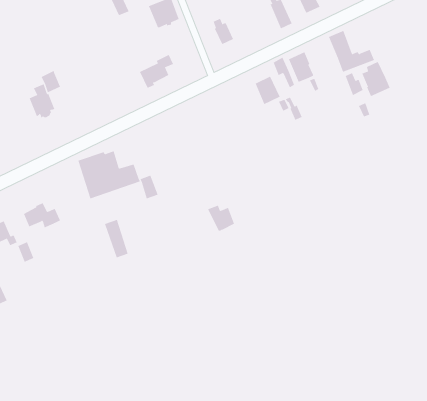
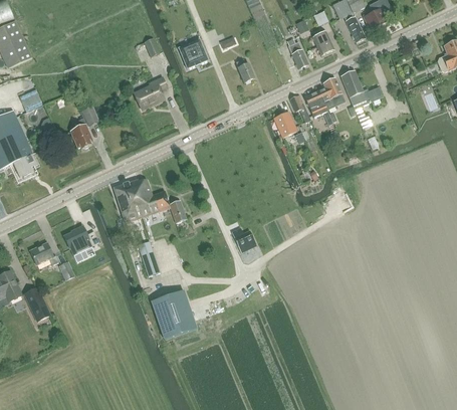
building: [139,54,174,89] -> [135,77,166,109]
building: [362,61,390,97] -> [319,77,346,110]
building: none -> [152,289,197,339]

